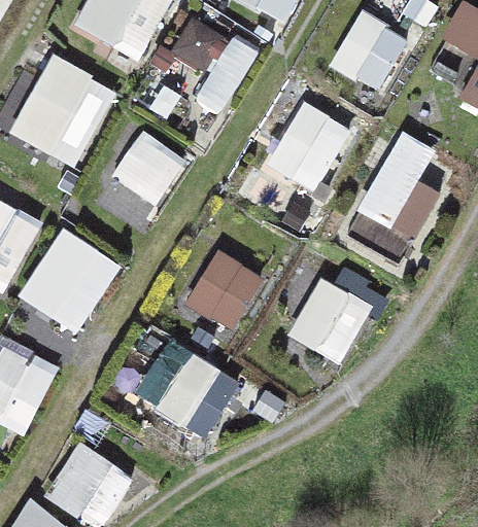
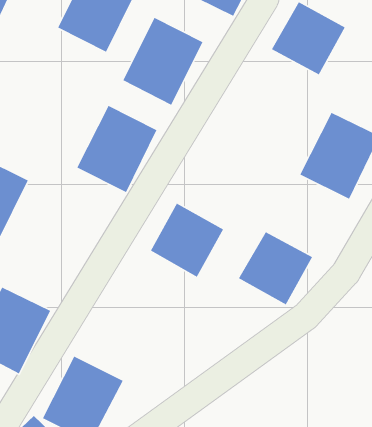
building: [10,60,107,165] -> none
building: [257,92,354,197] -> none
building: [29,235,127,340] -> none
building: [130,336,236,435] -> none

